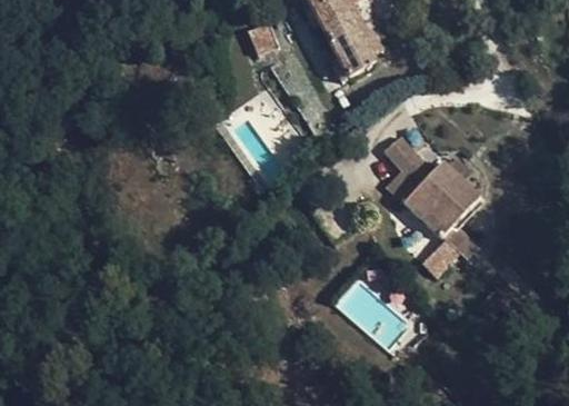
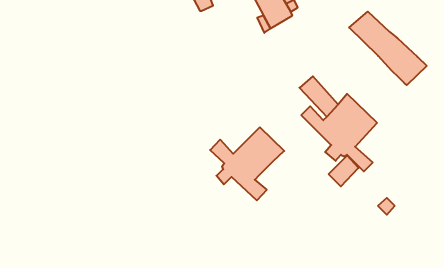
building: none -> [349,12,427,85]
building: none -> [210,127,284,200]

